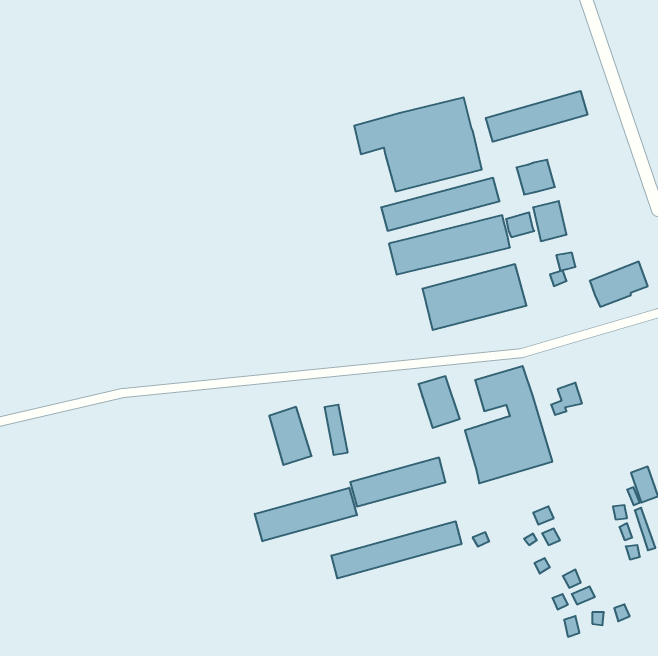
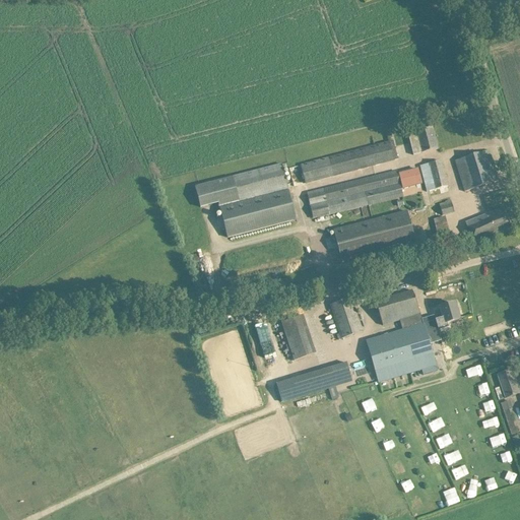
building: [486,91,587,142] -> none
building: [354,97,482,191] -> [195,161,296,236]
building: none -> [455,148,499,190]
building: [269,407,312,465] -> [281,314,315,360]
building: [255,488,357,541] -> none
building: [331,521,461,578] -> none

